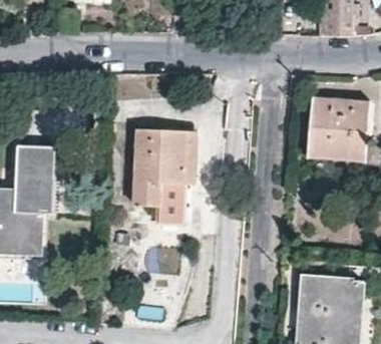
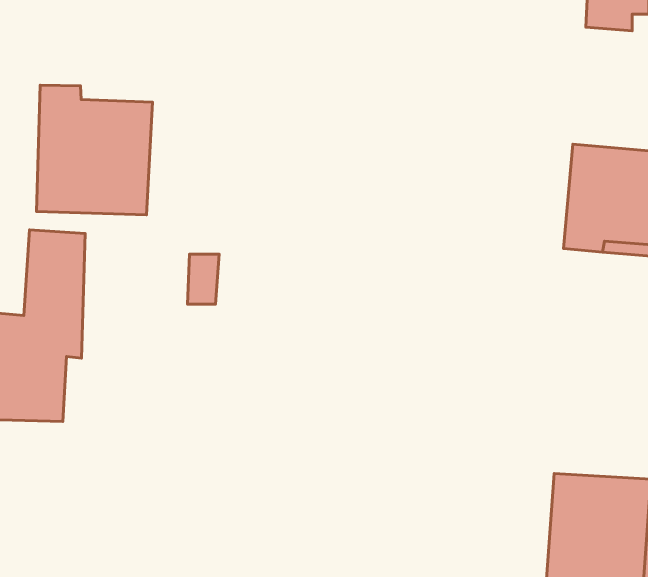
building: none -> [36,85,152,215]
building: [133,129,196,224] -> none

